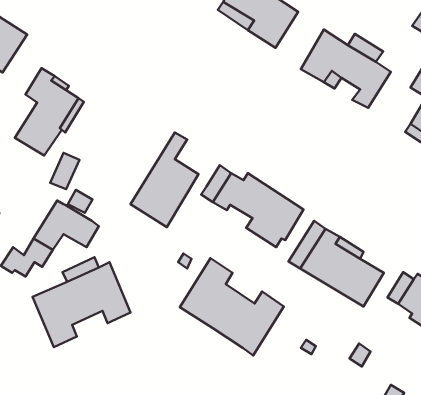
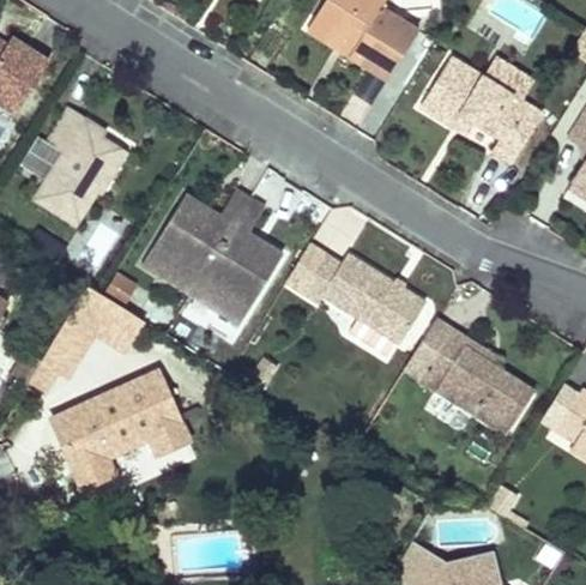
building: none -> [143,186,249,292]
building: [180,258,284,355] -> none

